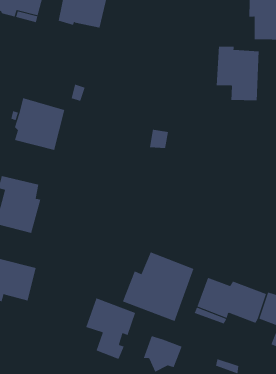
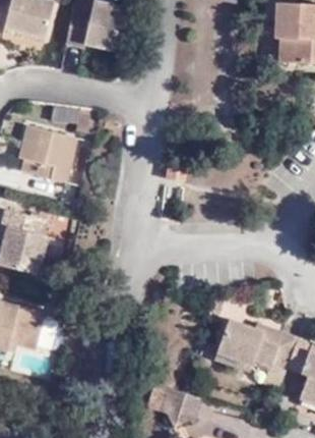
building: [216,46,259,101] -> none
building: [122,252,194,322] -> none
building: [86,297,136,360] -> none

